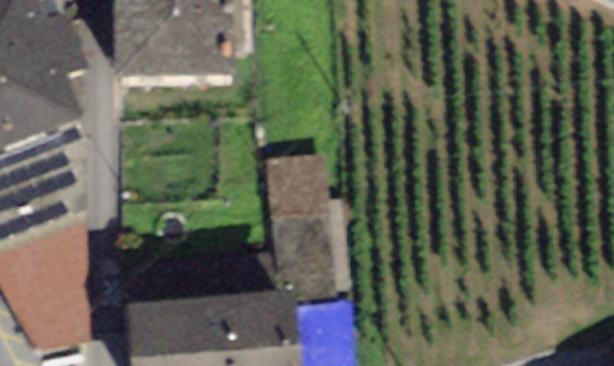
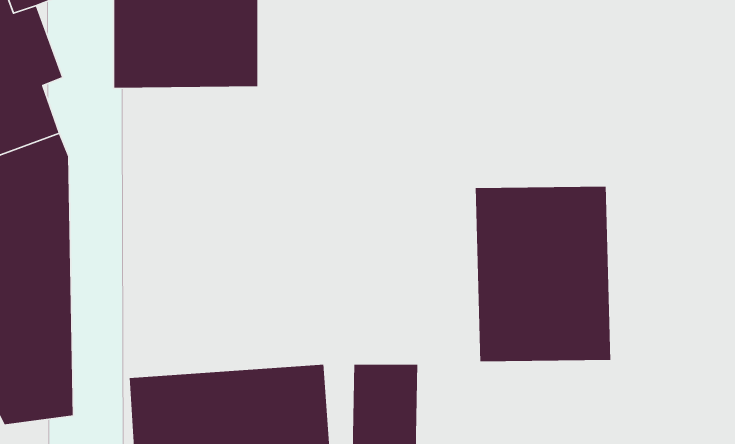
building: [281,144,332,236] -> none
building: none -> [475,186,611,362]

